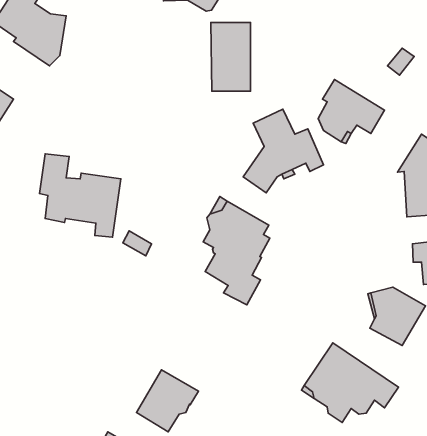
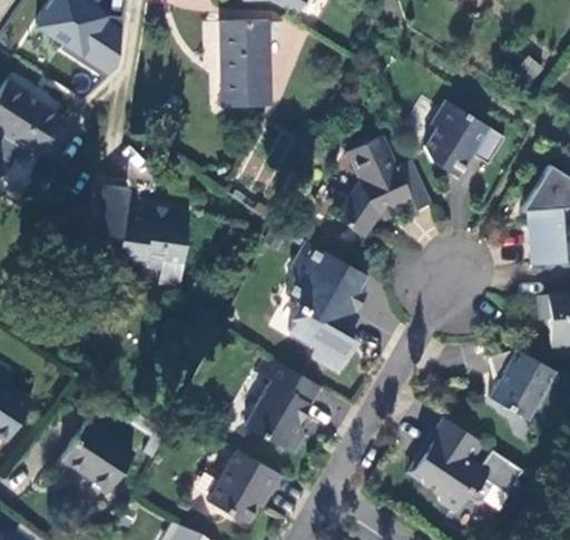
building: [211,23,251,91] -> [220,27,268,109]
building: none -> [246,353,323,453]
building: none -> [61,425,134,495]

